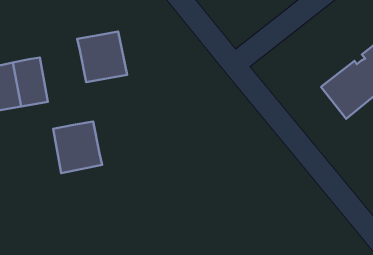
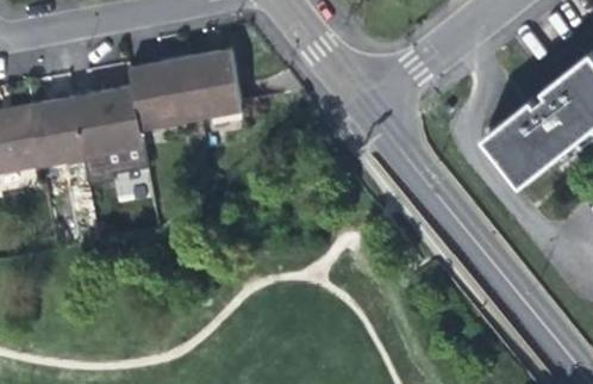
building: none -> [187,48,242,119]
building: [53,122,102,173] -> [73,83,144,159]

